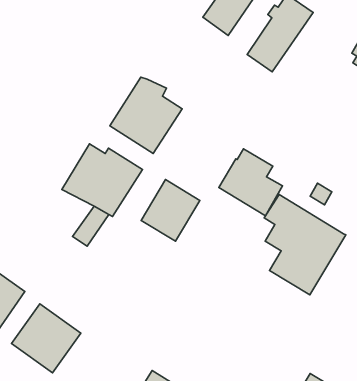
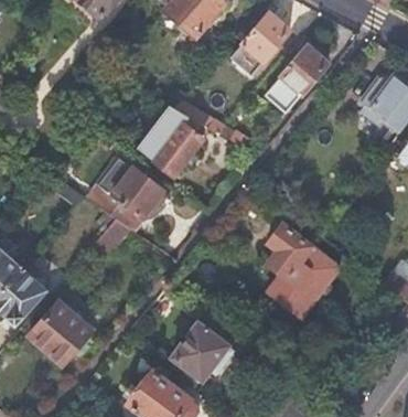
building: [219,149,283,216] -> none
building: [141,180,200,241] -> none
building: none -> [173,322,234,378]

